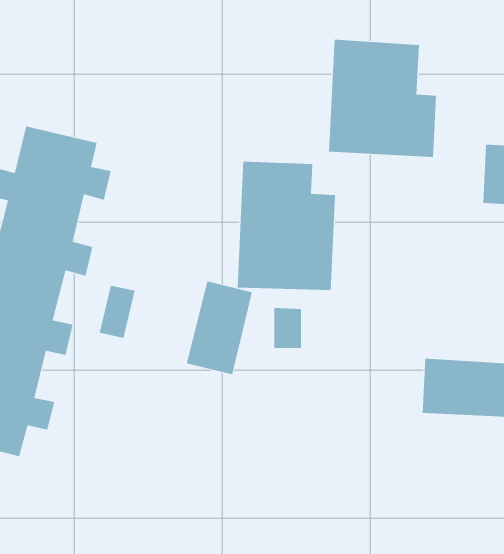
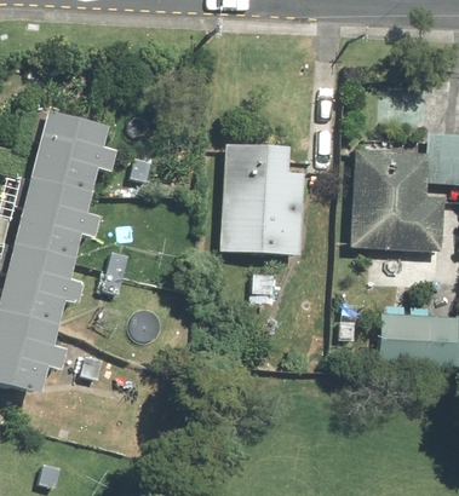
building: [328,39,437,157] -> [354,149,447,250]
building: [186,281,252,375] -> none

